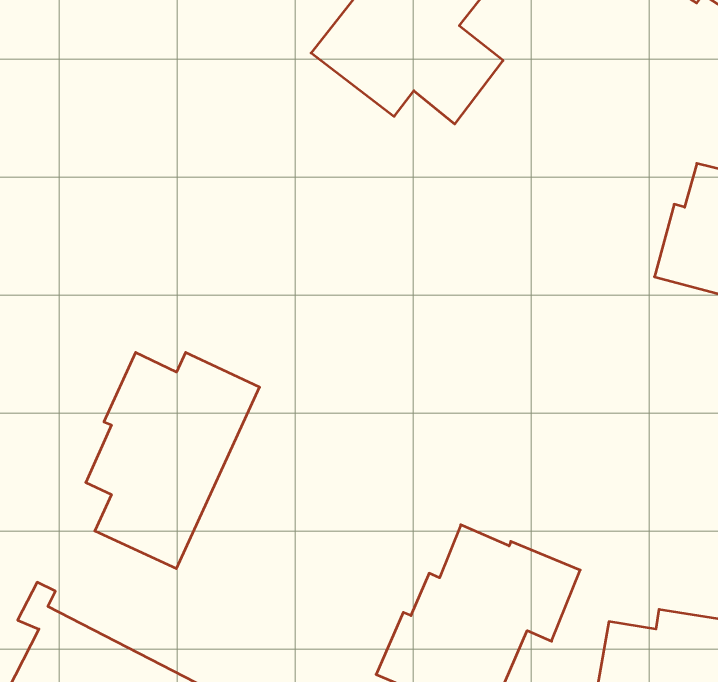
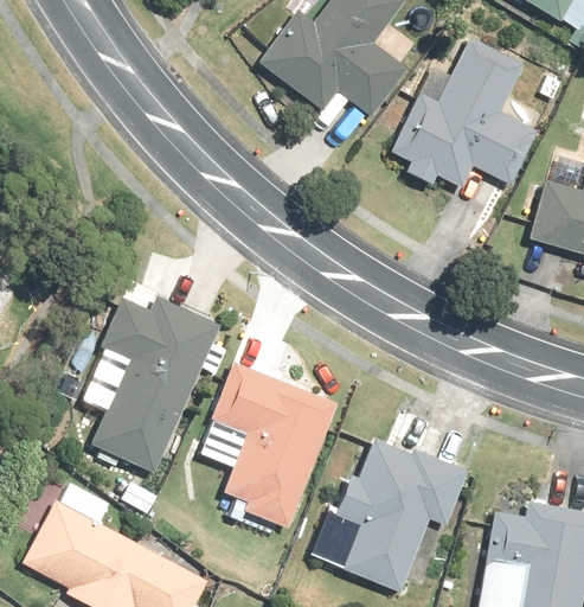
building: none -> [392,38,537,187]
building: none -> [199,354,341,530]

